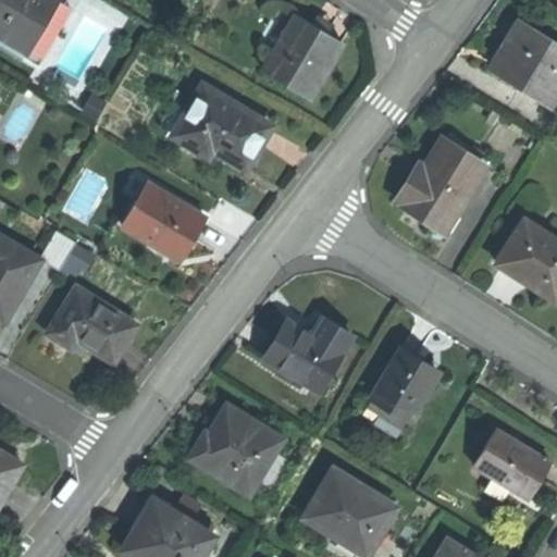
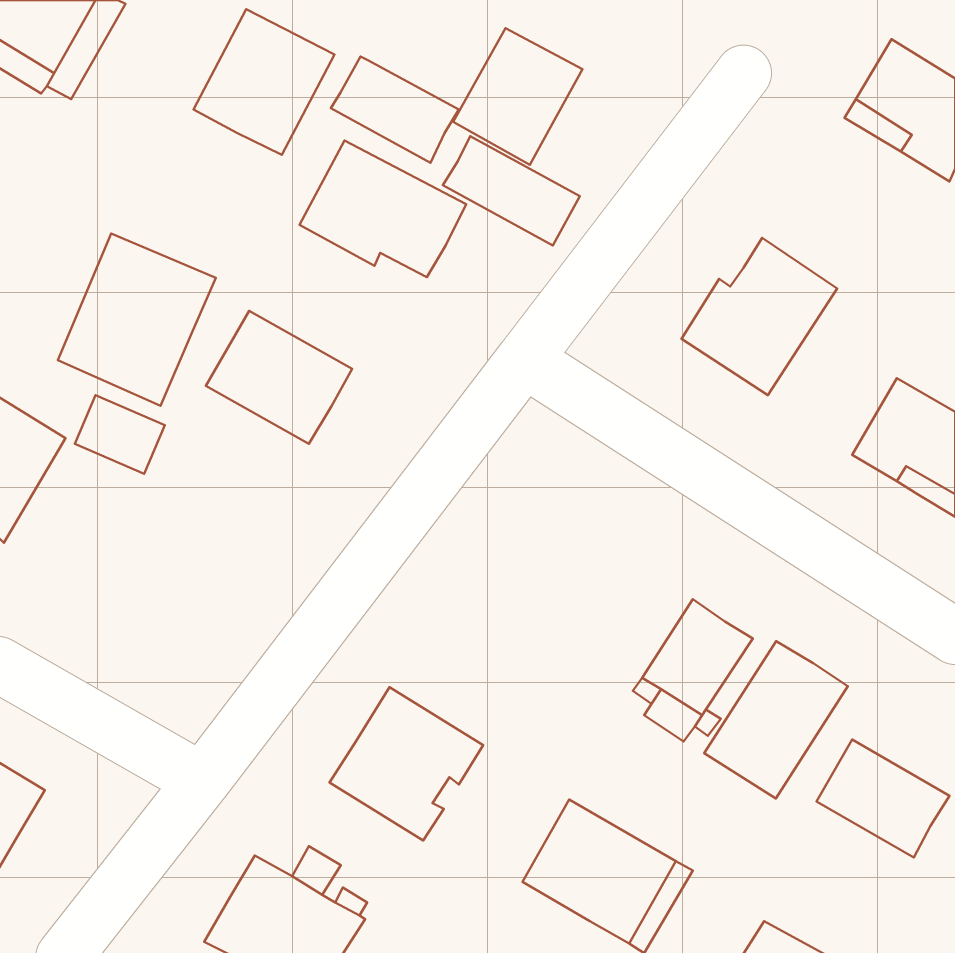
building: none -> [194,9,334,155]
building: none -> [331,56,459,163]
building: none -> [443,136,580,246]
building: none -> [58,234,216,406]
building: [48,285,137,357] -> none
building: [264,315,349,391] -> none
building: none -> [704,641,848,798]

